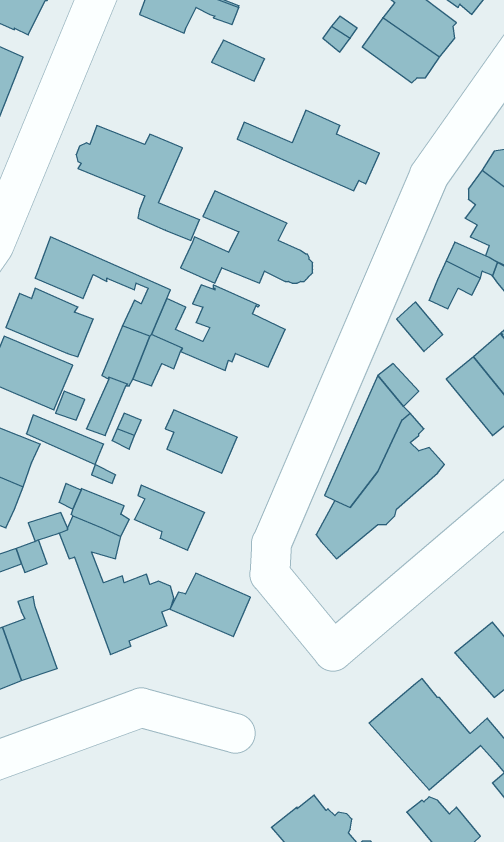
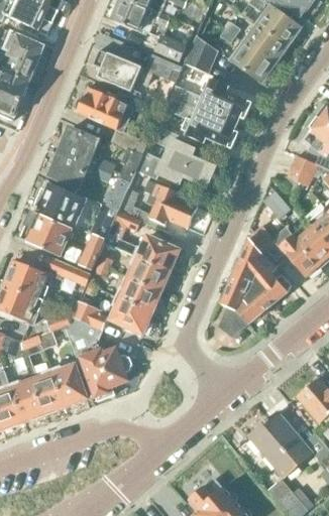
building: none -> [185,35,218,73]
building: none -> [229,39,272,81]
building: none -> [95,49,182,92]
building: none -> [185,106,240,150]
building: none -> [60,128,143,182]
building: none -> [280,235,320,277]
building: none -> [132,236,180,269]
building: [170,573,250,637] -> [113,276,160,313]
building: none -> [50,366,85,405]

